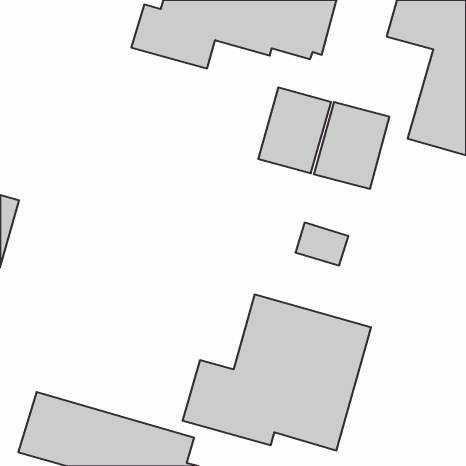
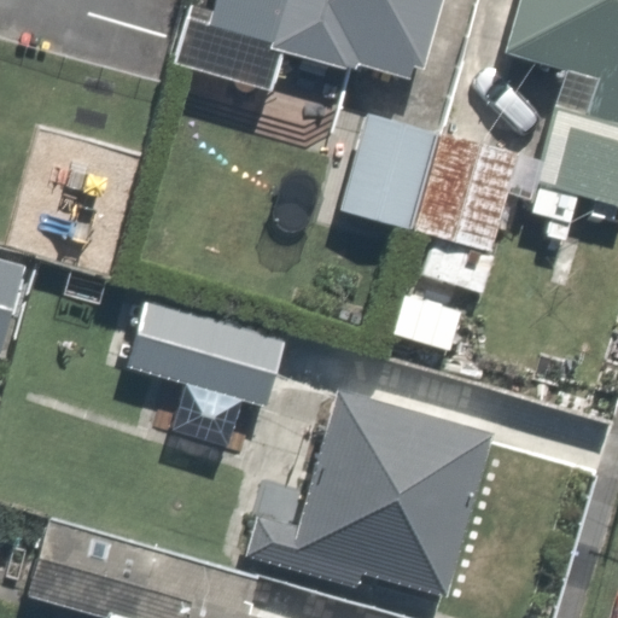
building: none -> [128,303,284,404]

